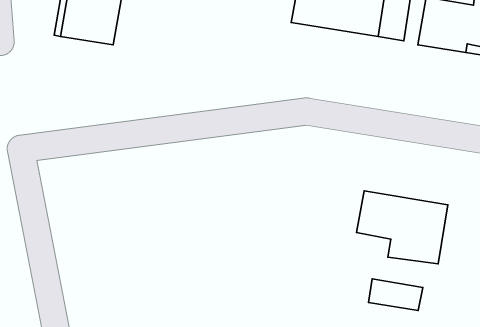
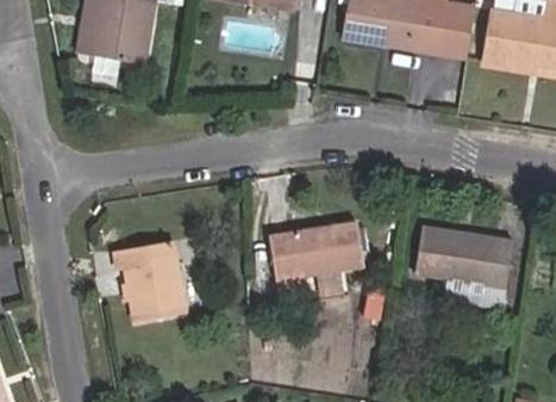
building: none -> [269,221,364,291]
building: none -> [115,241,183,321]
building: [369,279,423,311] -> none

